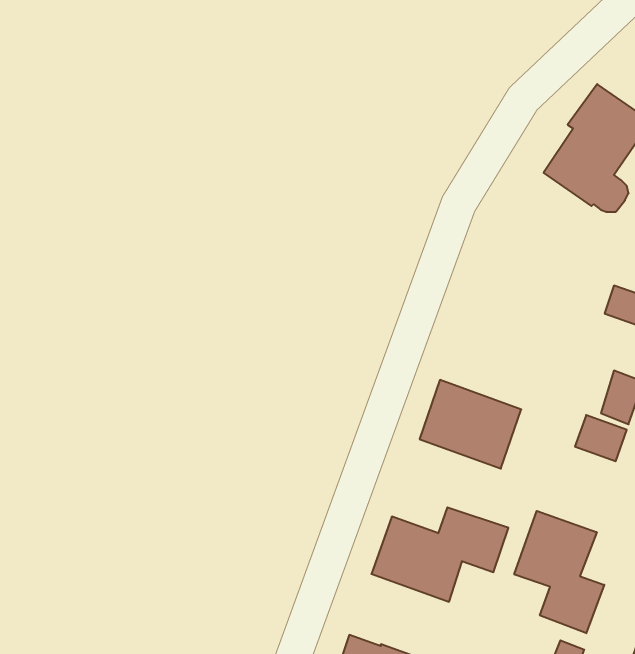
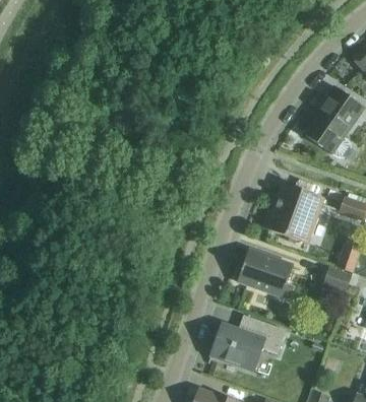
building: none -> [262,182,324,243]
building: [514,511,604,633] -> none

